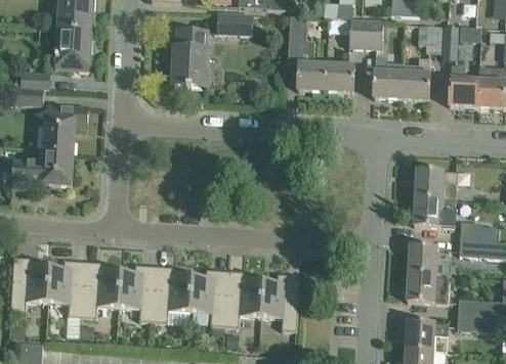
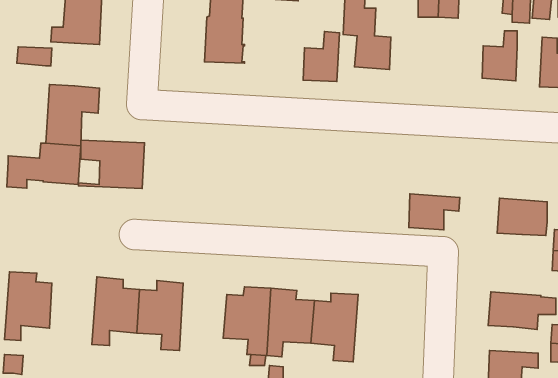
building: [326,50,355,91] -> [303,31,339,81]
building: [373,56,404,97] -> none
building: [14,85,44,105] -> none
building: none -> [78,140,145,188]
building: [416,168,458,197] -> [409,194,460,230]
building: [409,244,451,275] -> none
building: [47,259,86,315] -> none
building: [154,265,193,321] -> none

